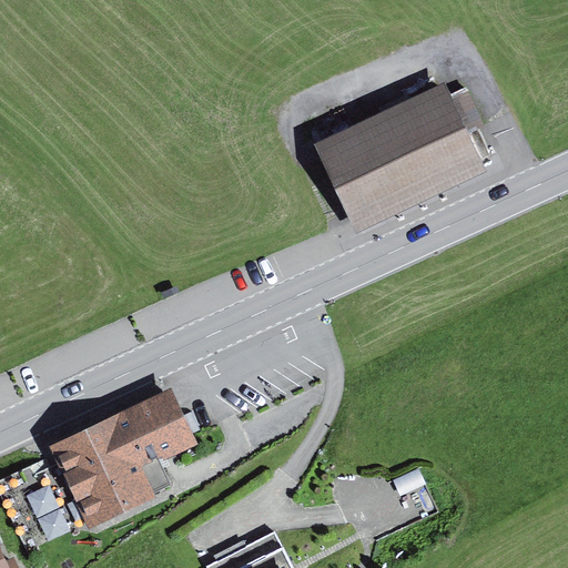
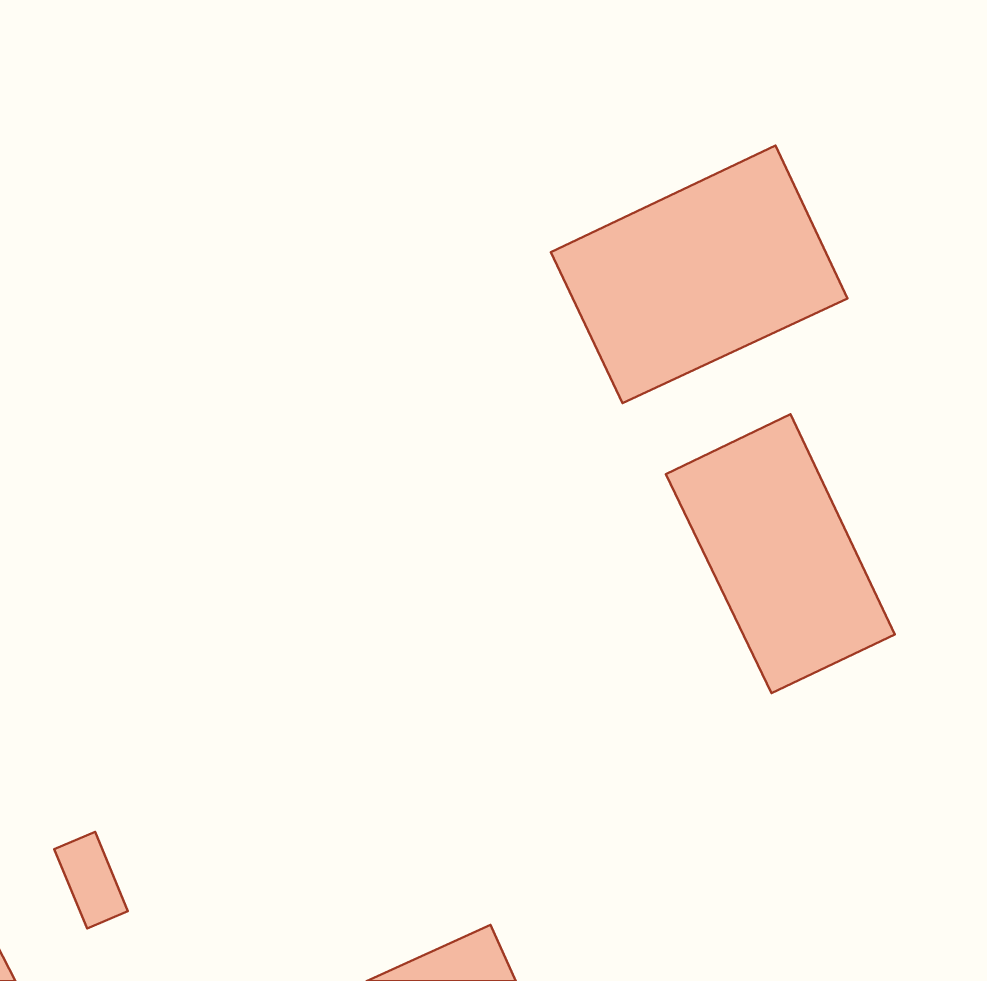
building: none -> [666,414,895,693]
building: [44,393,187,529] -> none

